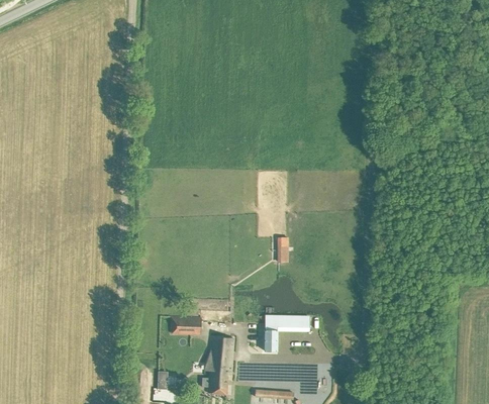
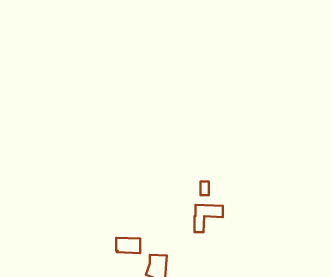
building: [265,315,300,349] -> [195,205,223,232]

